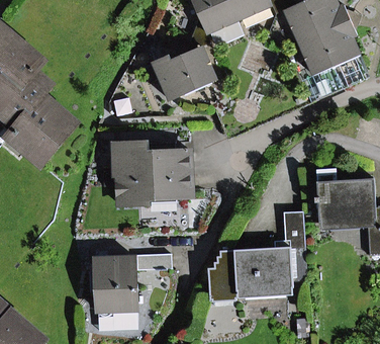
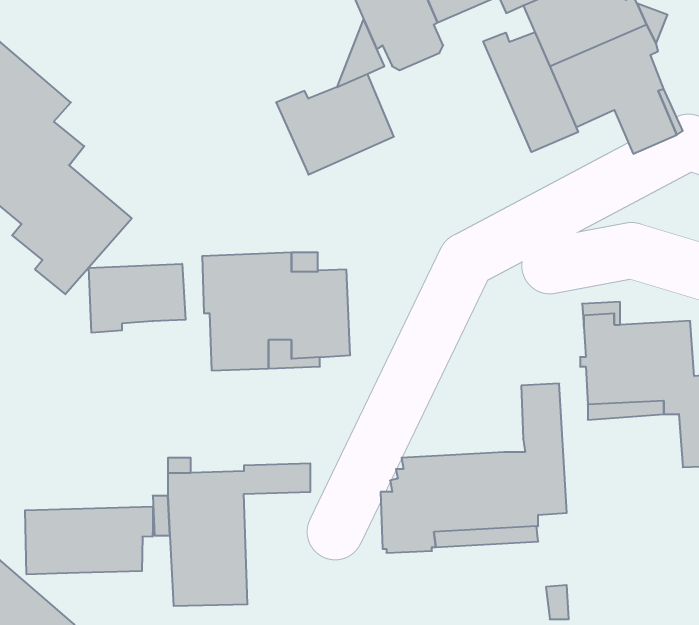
building: none -> [483,32,578,152]
building: none -> [89,264,186,333]
building: none -> [25,506,153,574]

